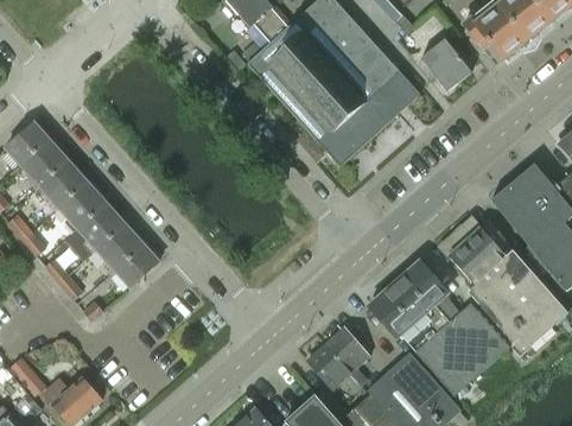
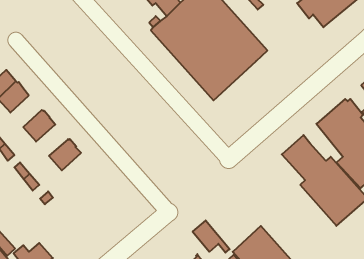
building: [420,39,471,91] -> none
building: [39,160,85,206] -> none
building: [64,203,125,260] -> none
building: [115,244,158,287] -> none
building: [370,262,509,396] -> none
building: [328,329,370,387] -> none

